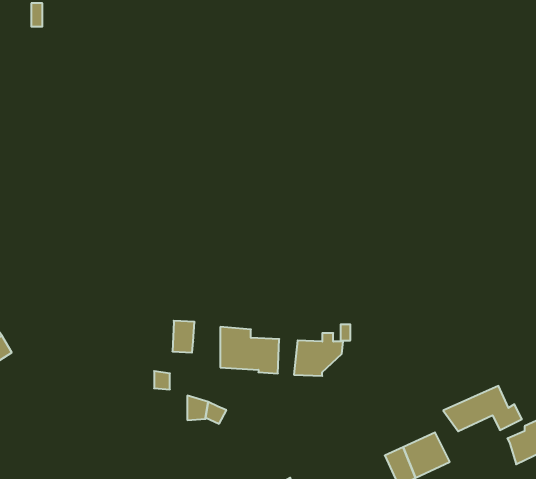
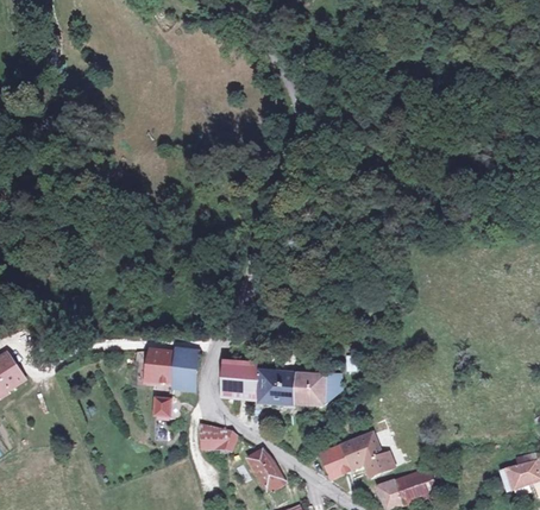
building: none -> [153,352,180,384]
building: none -> [281,370,300,404]
building: [443,386,522,431] -> [321,433,397,477]
building: none -> [238,452,281,495]

